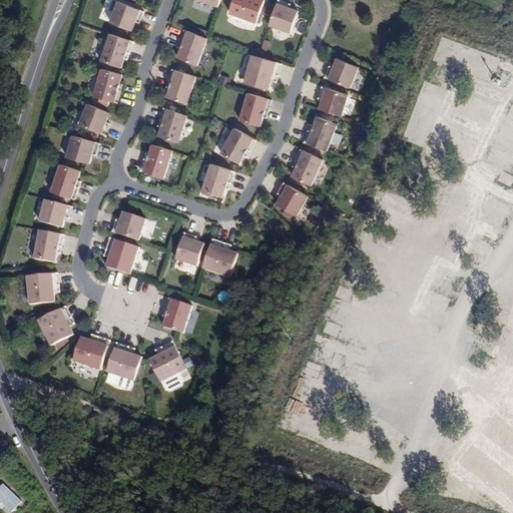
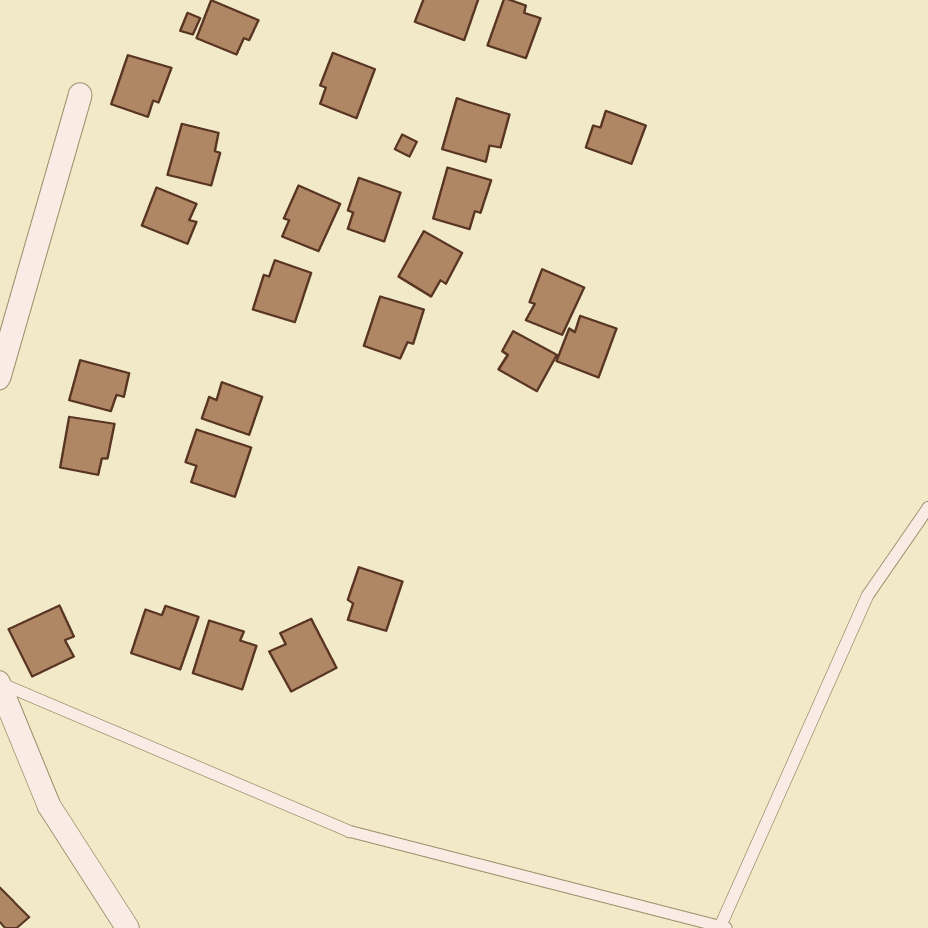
building: [99,33,132,67] -> [111,55,171,117]
building: [165,68,194,103] -> [348,178,401,241]
building: [317,85,347,115] -> none
building: [303,116,336,150] -> [557,316,617,378]
building: [64,129,98,159] -> none
building: [50,163,79,198] -> none
building: [174,231,203,266] -> none
building: [202,238,237,277] -> none
building: [26,272,59,304] -> none
building: [161,297,191,332] -> [348,567,402,631]
building: [37,306,73,345] -> [8,605,74,676]

